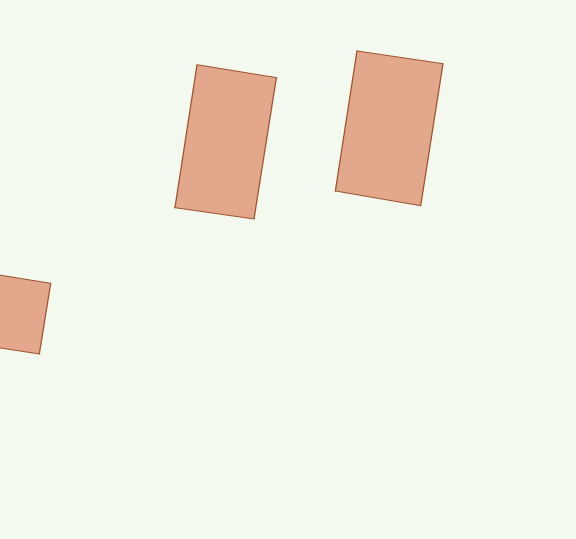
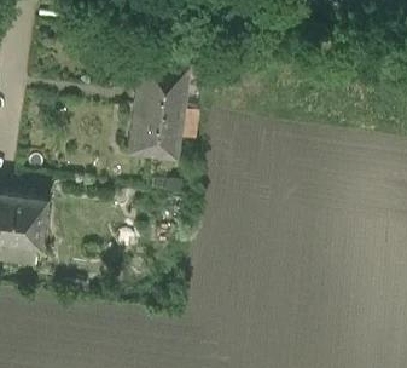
building: [336,51,443,206] -> none

